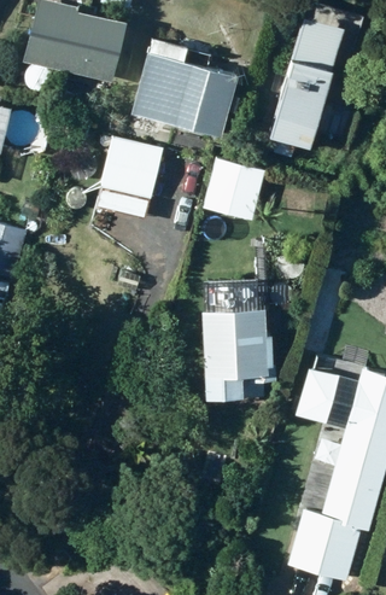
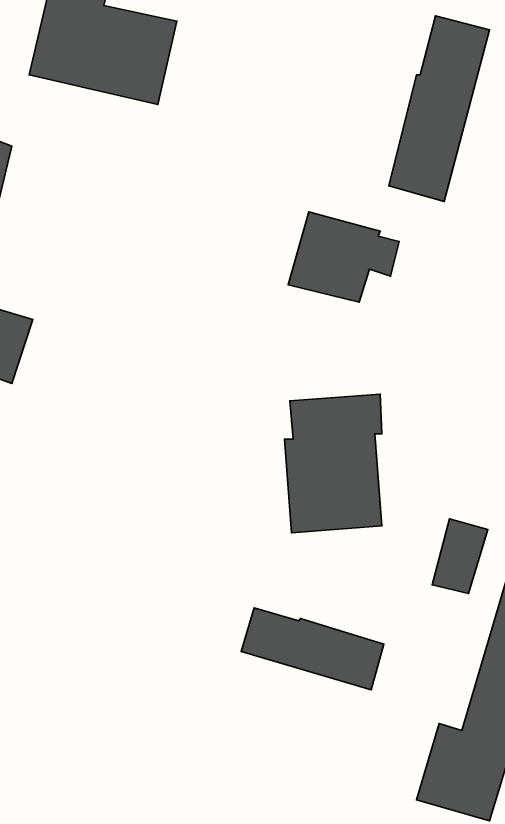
building: [131,40,235,138] -> none
building: [94,135,163,221] -> none
building: none -> [241,608,384,690]

